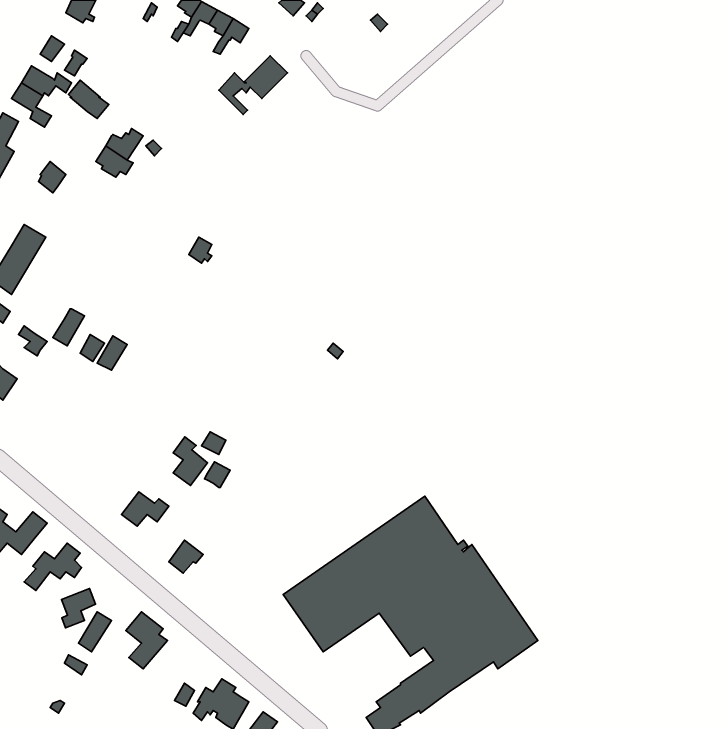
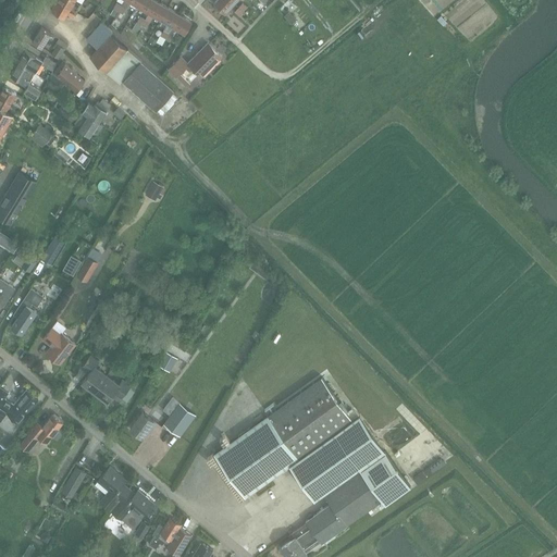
building: none -> [85,23,171,111]
building: none -> [10,289,42,334]
building: none -> [41,329,74,363]
building: [173,437,208,486] -> [79,356,106,393]
building: none -> [162,404,194,436]
building: [62,589,95,628] -> none
building: none -> [109,488,152,519]

